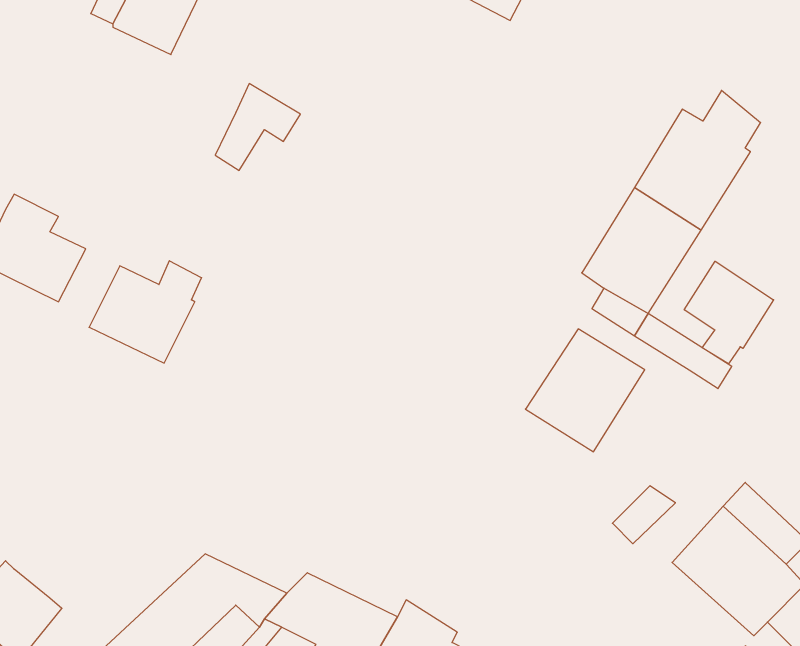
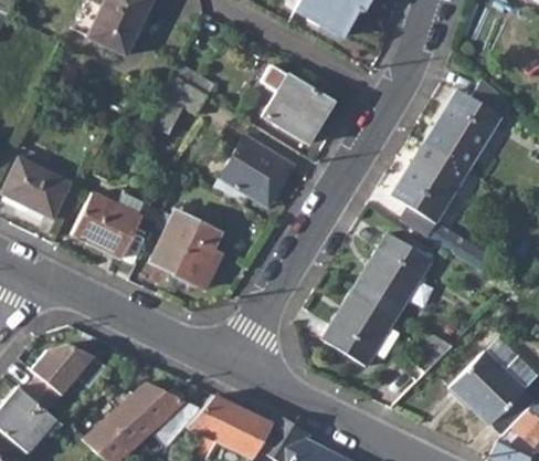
building: none -> [258,66,331,143]
building: none -> [220,135,294,206]
building: [684,261,774,364] -> none
building: none -> [150,210,222,287]
building: none -> [323,287,399,368]
building: none -> [23,343,93,410]

